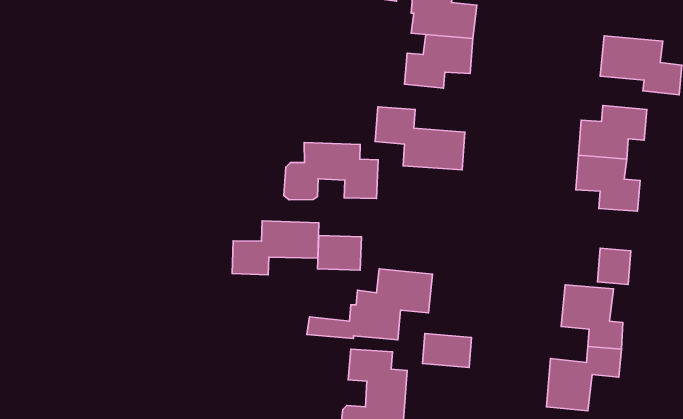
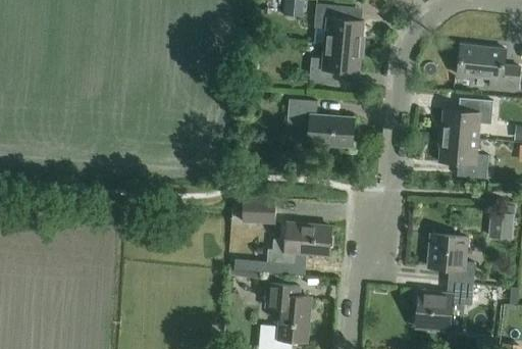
building: [284,143,378,200] -> none
building: [232,221,319,275] -> none
building: [597,248,631,284] -> [488,213,514,241]
building: [422,333,471,368] -> none

